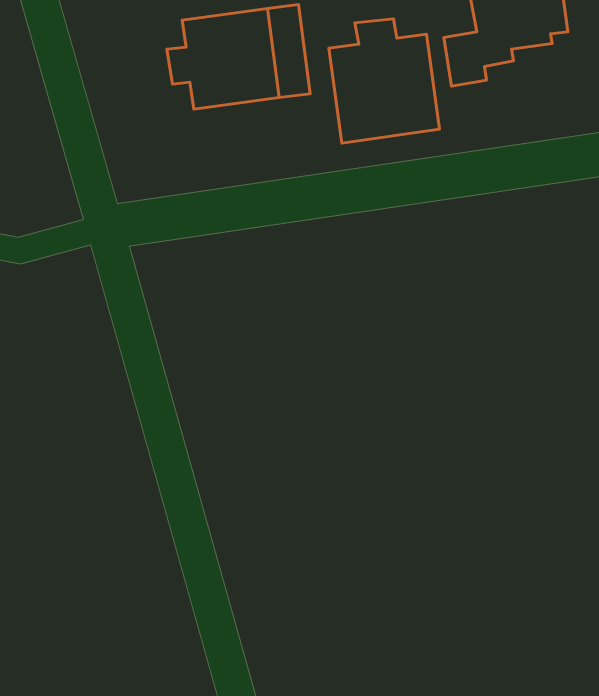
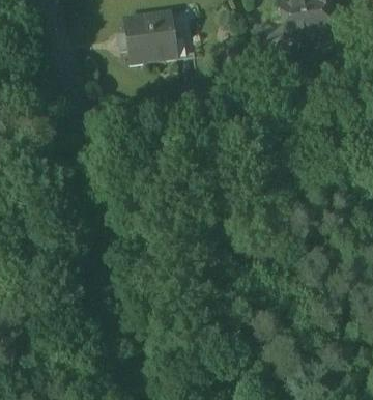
building: [329,19,439,143] -> none

